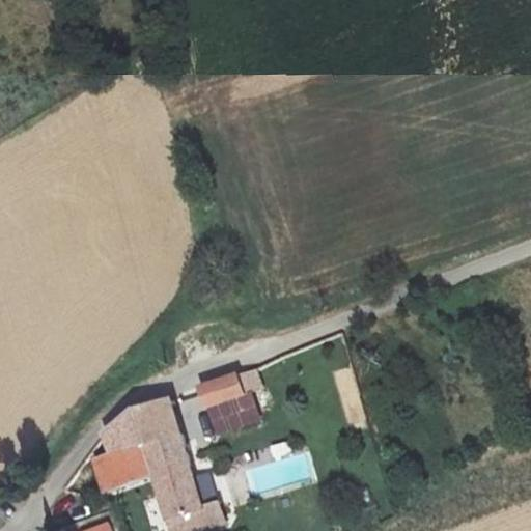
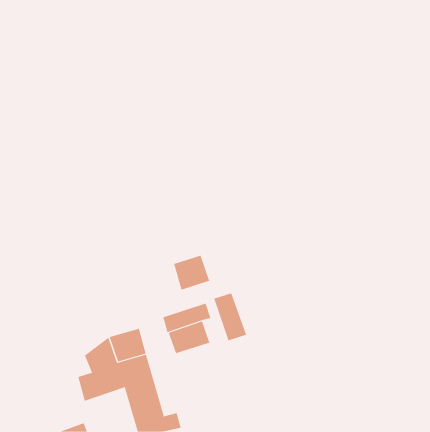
building: none -> [174,255,210,291]
building: none -> [213,292,247,341]

